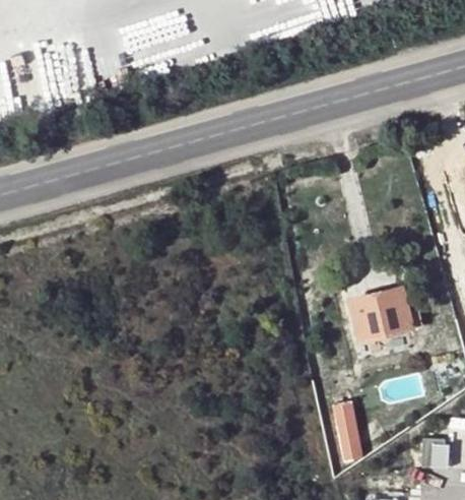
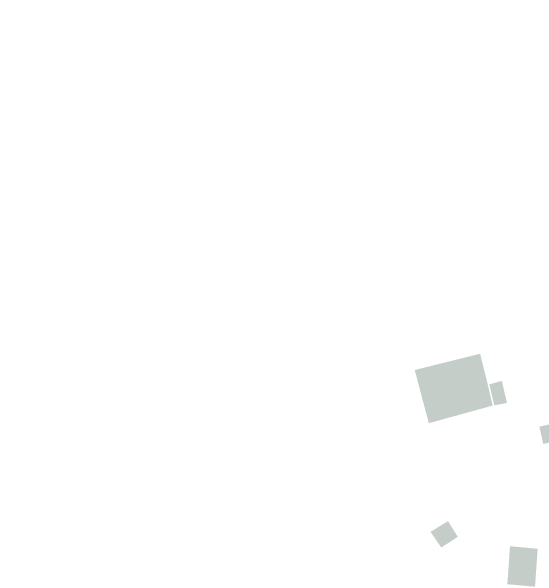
building: [332,399,361,446] -> none

